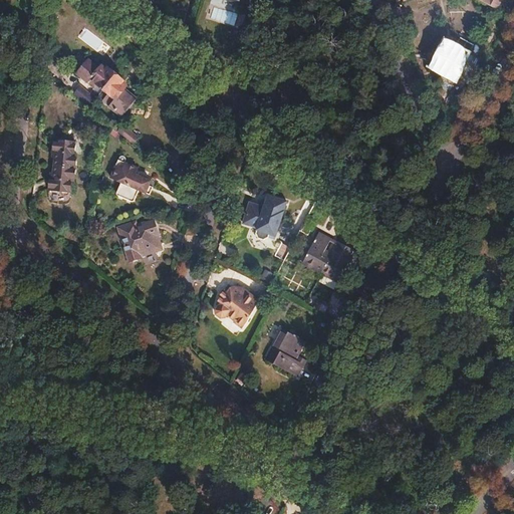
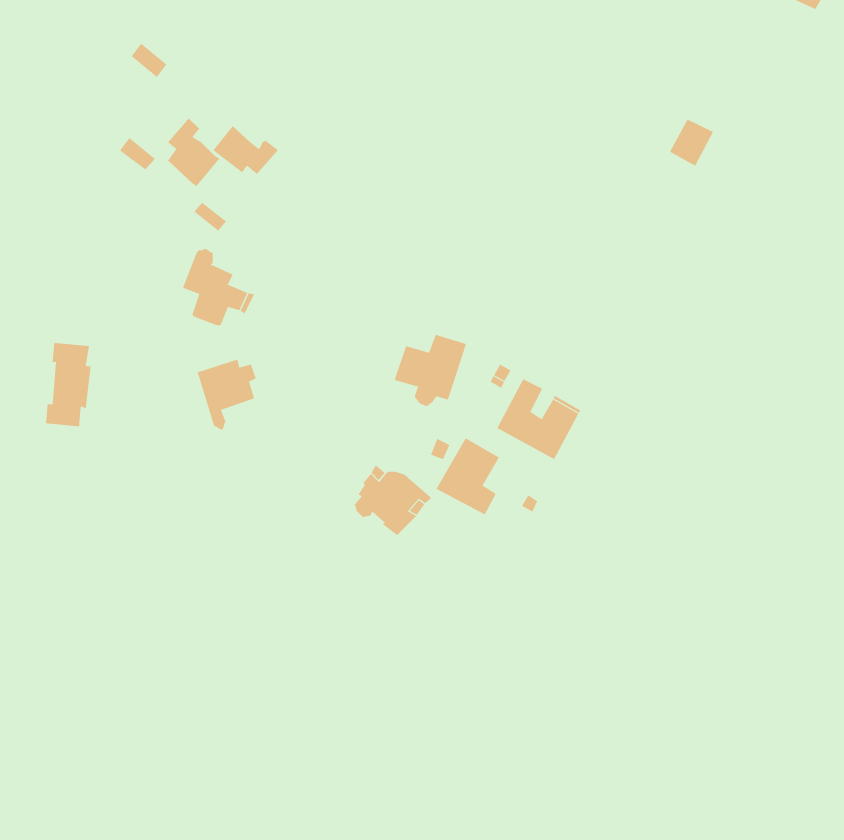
building: [435,43,462,72] -> [669,119,714,167]
building: [74,56,114,86] -> [213,125,279,175]
building: [48,138,76,189] -> [45,343,92,427]
building: [265,327,304,374] -> [435,438,500,515]

